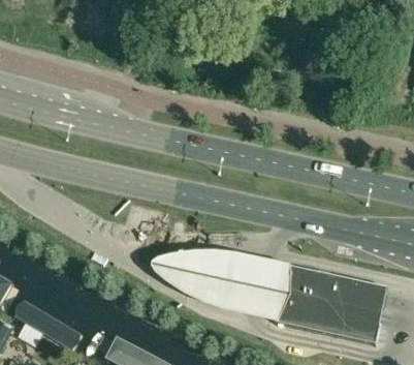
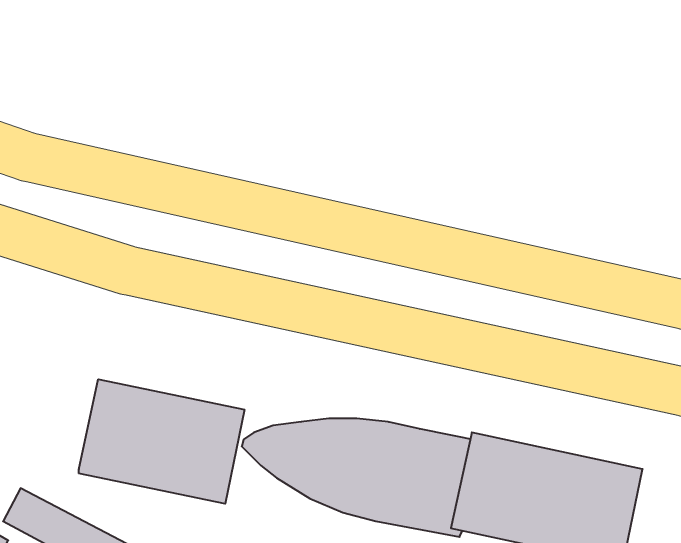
building: none -> [79,379,244,504]

